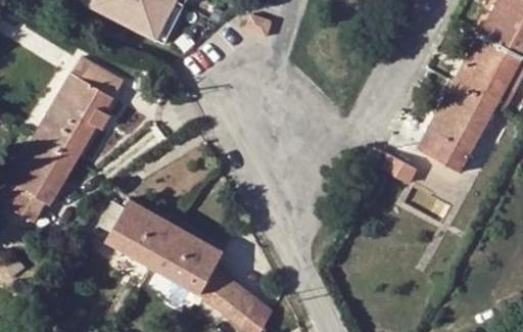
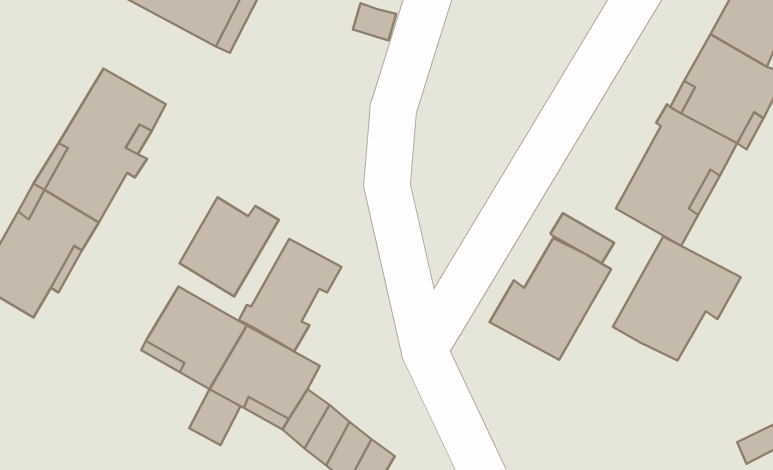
building: none -> [179,197,279,296]
building: none -> [613,237,741,361]
building: none -> [489,238,611,360]
building: none -> [239,239,342,351]

